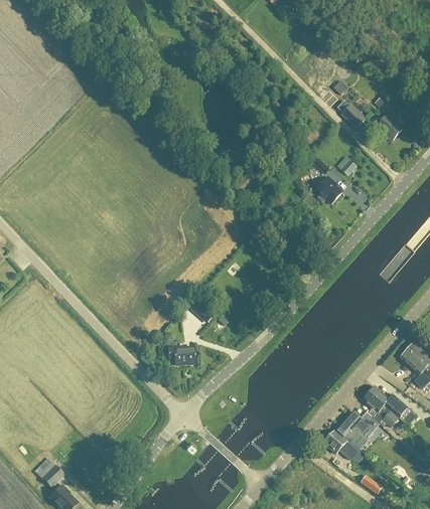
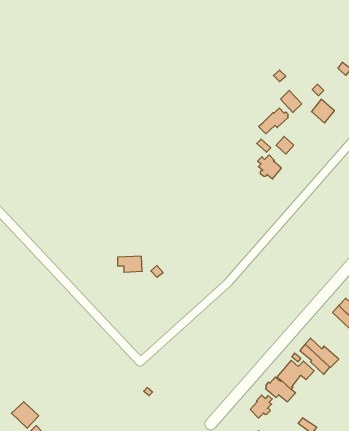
building: none -> [259,108,288,134]
building: [169,347,197,365] -> [118,256,142,272]
building: none -> [250,395,272,418]

